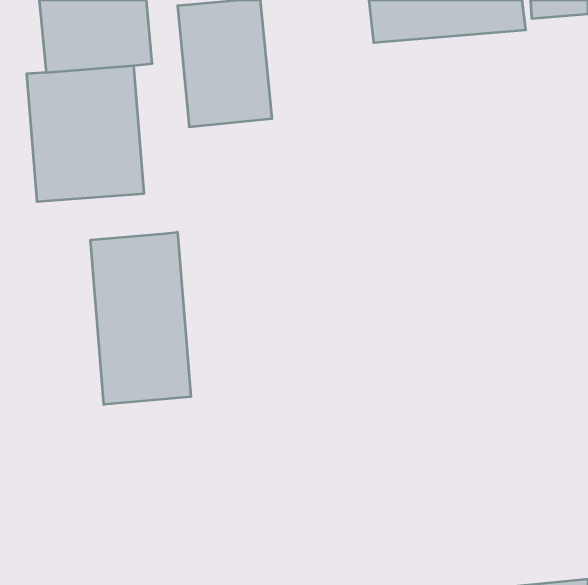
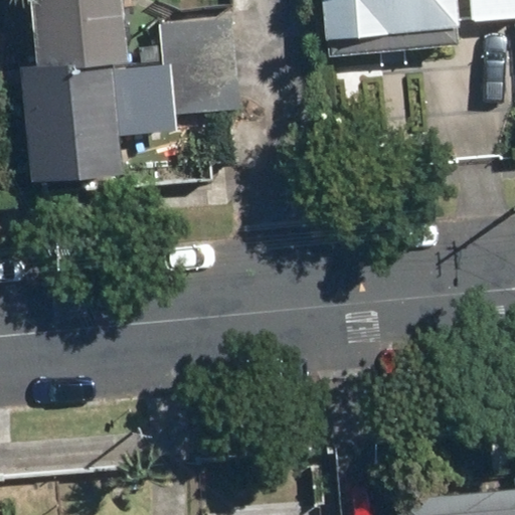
building: [91,232,191,405] -> none

